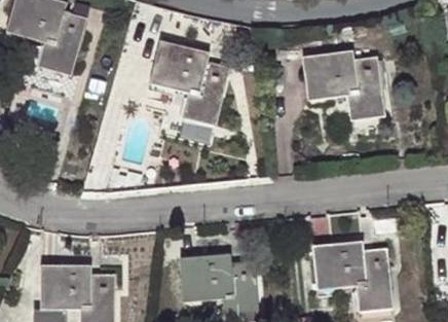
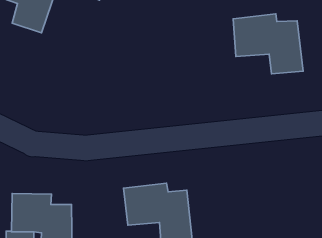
building: [150,42,233,128] -> none
building: [306,239,388,313] -> none

